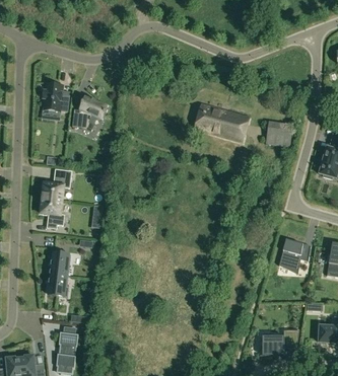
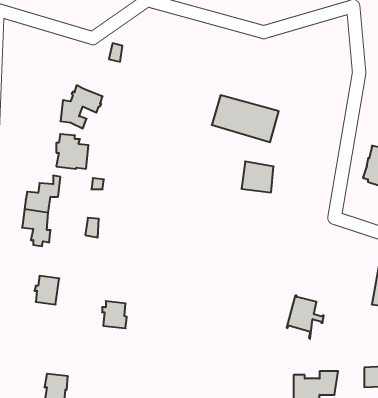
building: [43,83,69,111] -> [56,134,89,169]
building: [266,122,292,147] -> [241,161,274,192]
building: [278,239,309,275] -> [287,296,324,339]
building: [48,274,68,296] -> [102,301,127,328]

